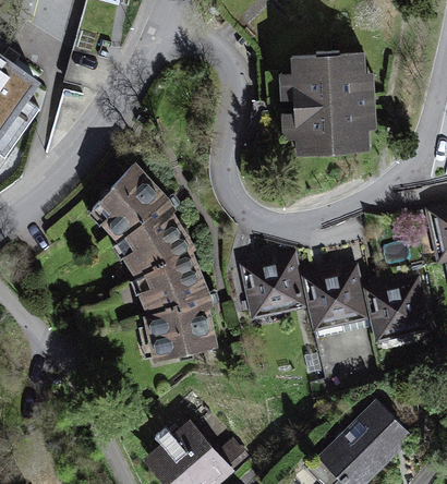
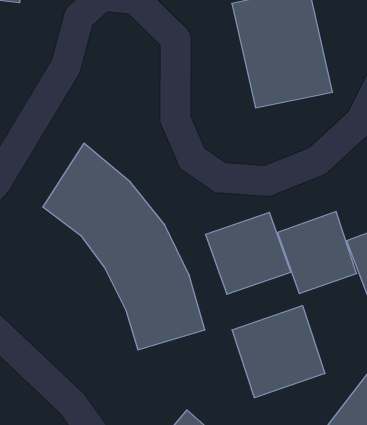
building: none -> [232,306,325,398]

